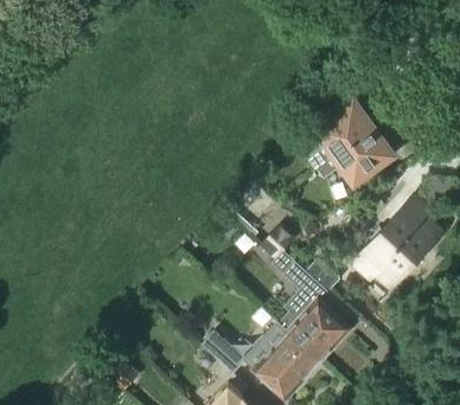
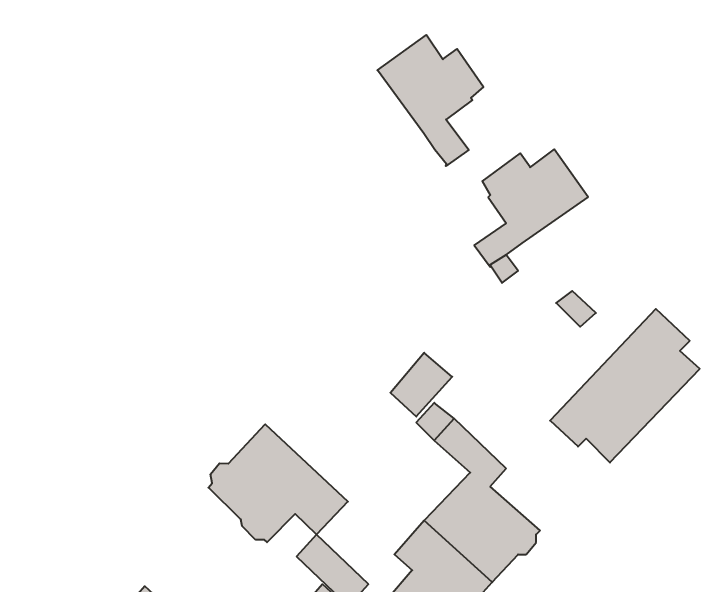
building: none -> [377,35,483,166]
building: [337,130,395,185] -> none
building: none -> [208,424,348,542]

